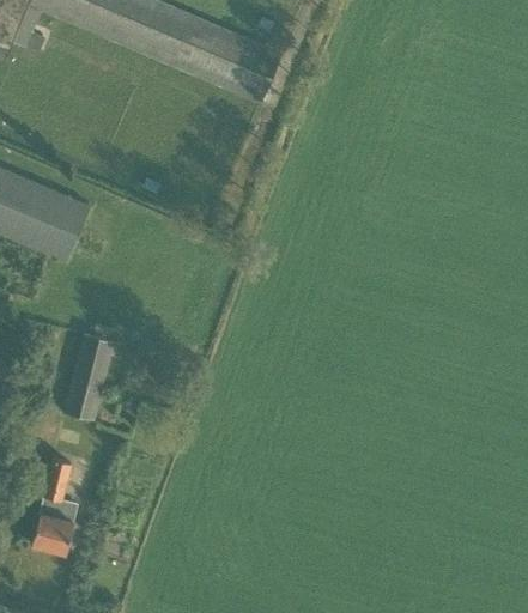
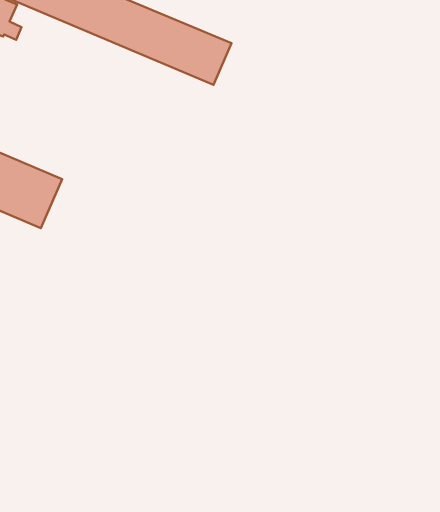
building: [66,334,114,419] -> none
building: [31,457,78,552] -> none

